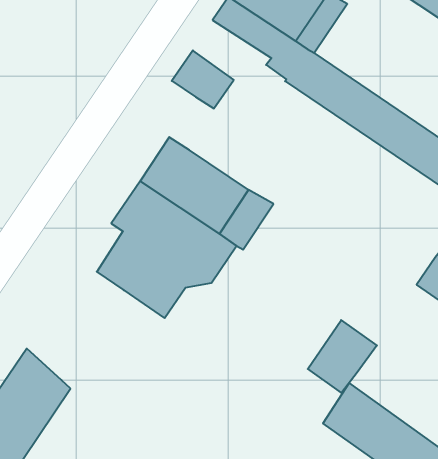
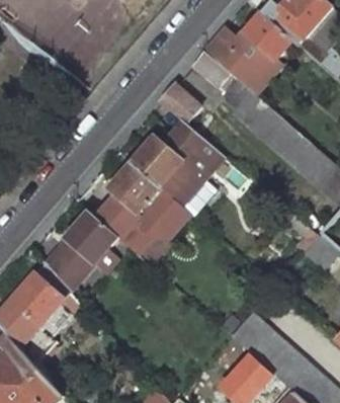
building: none -> [165,123,222,177]
building: none -> [44,212,111,287]
building: [308,320,377,393] -> none

